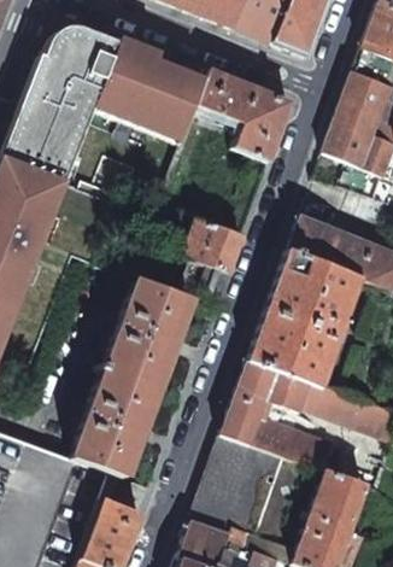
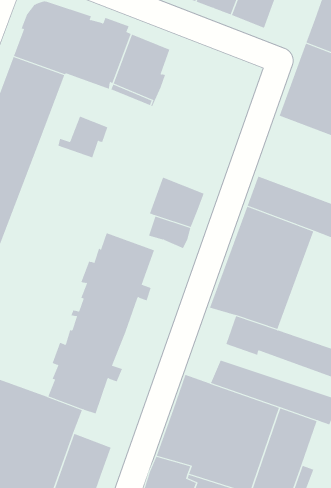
building: [195,70,291,160] -> none
building: [221,361,276,443] -> none

